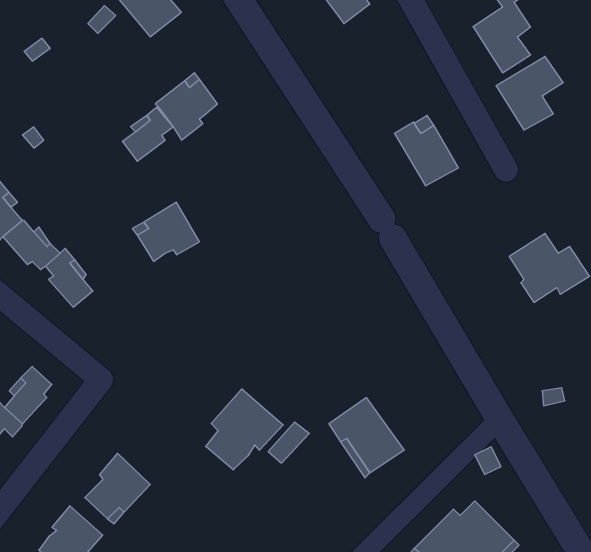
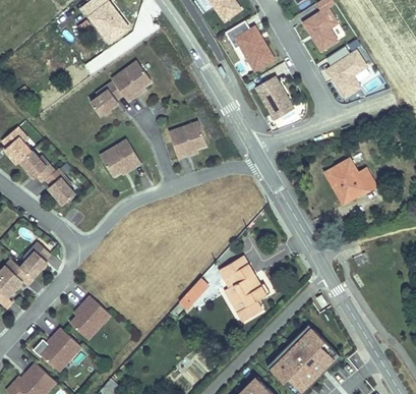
building: none -> [231,30,280,79]
building: none -> [170,124,207,158]
building: [206,389,283,470] -> none

